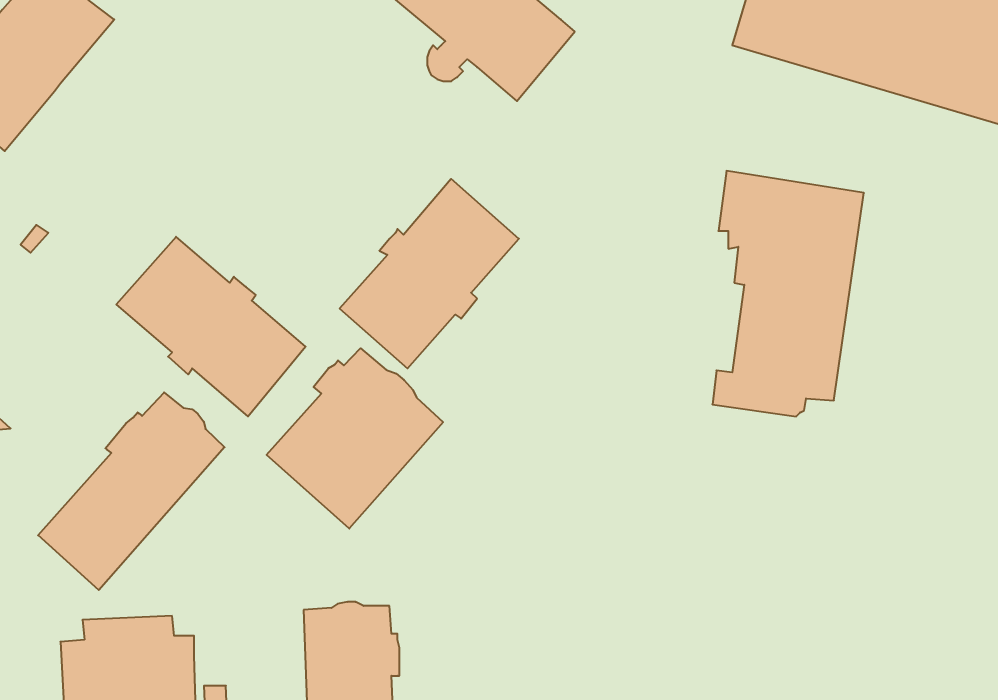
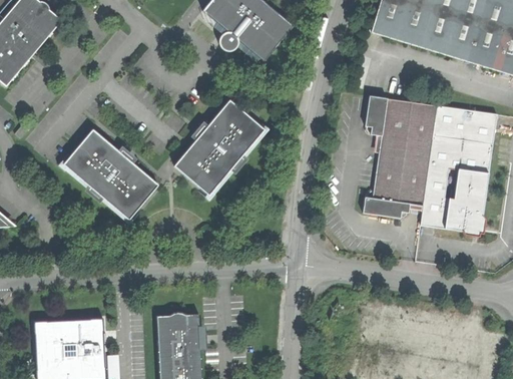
building: none -> [421,106,497,232]
building: [267,348,443,529] -> none
building: [38,392,225,590] -> none

